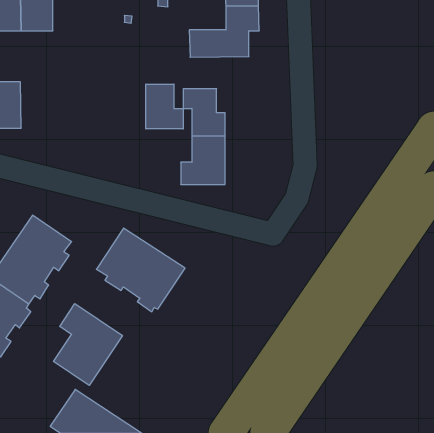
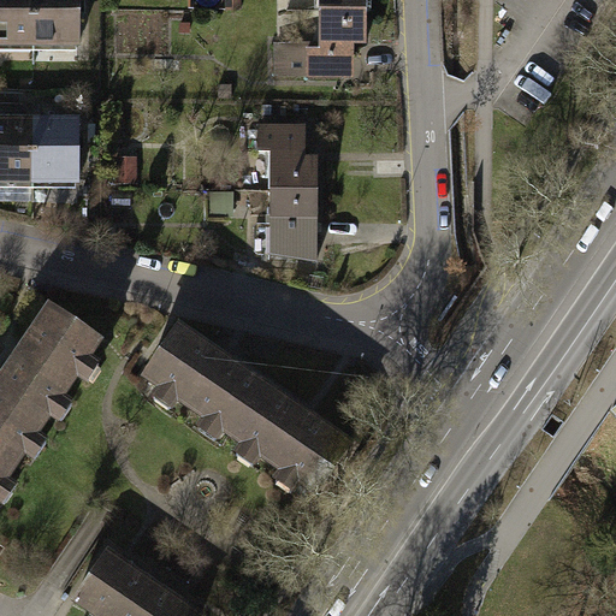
building: none -> [29,114,75,180]
building: [146,84,183,129] -> none
building: none -> [223,378,346,493]
building: [54,304,122,385] -> none

